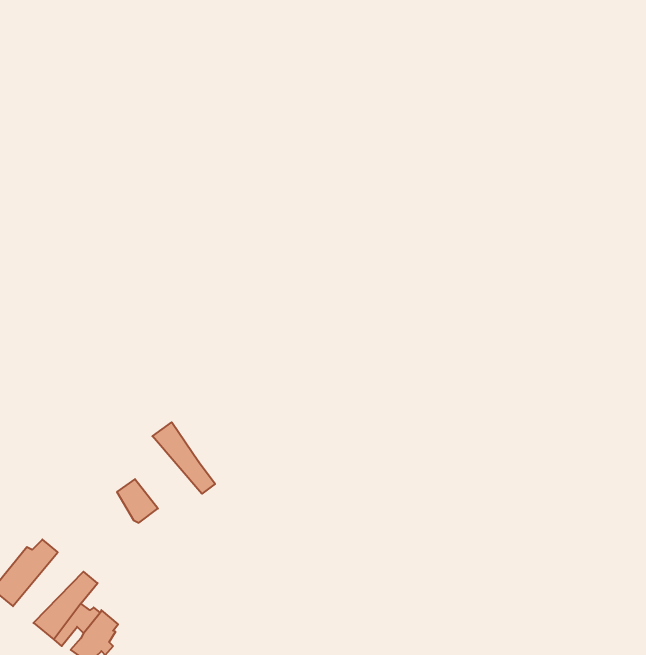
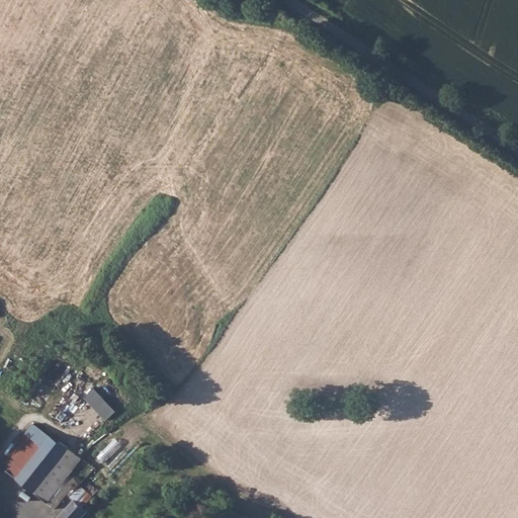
building: [152,422,215,494] -> none
building: none -> [10,436,66,492]

